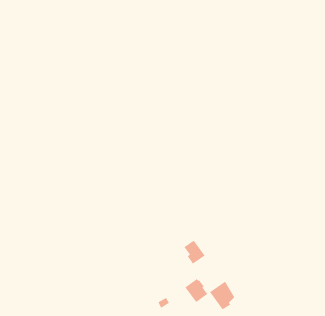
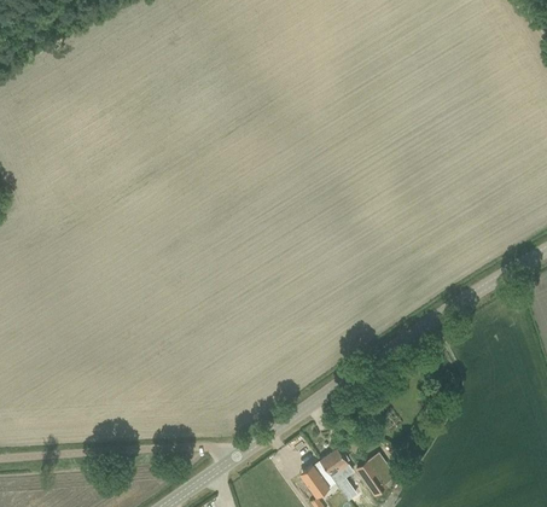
building: [183,240,206,264] -> [302,462,334,499]

